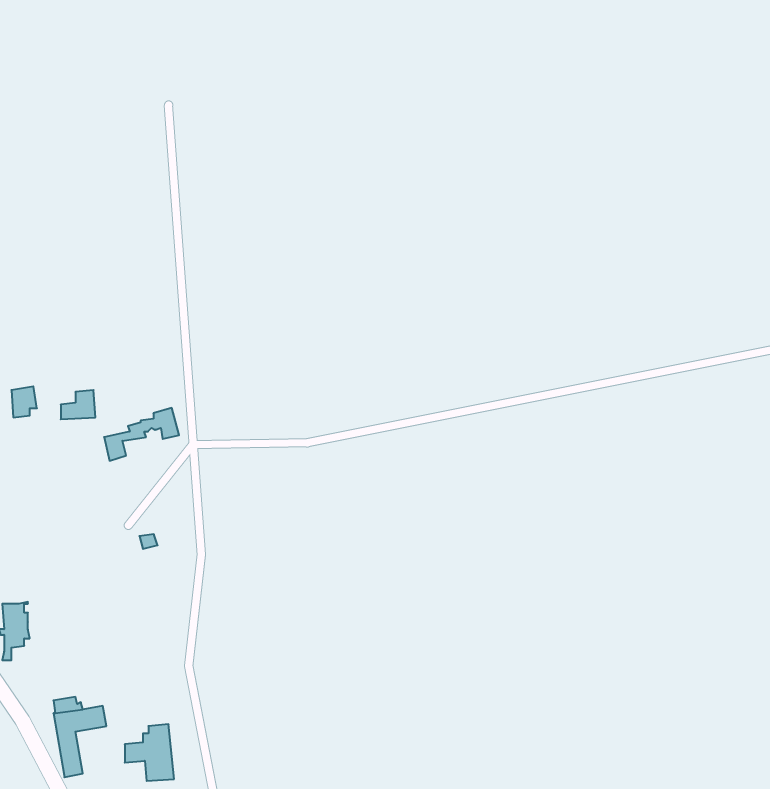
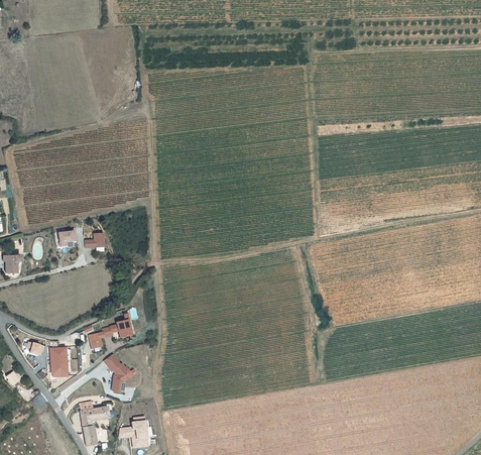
building: [104,408,179,461] -> [90,319,131,348]
building: none -> [105,353,133,391]

